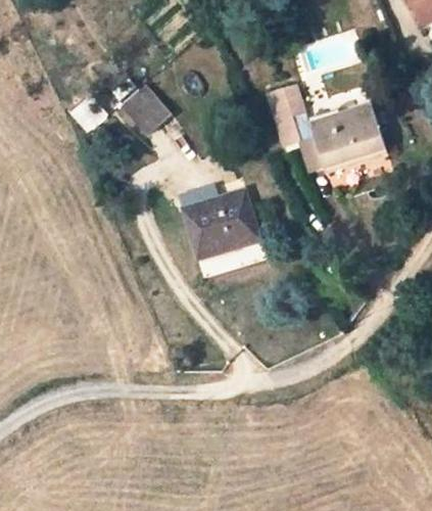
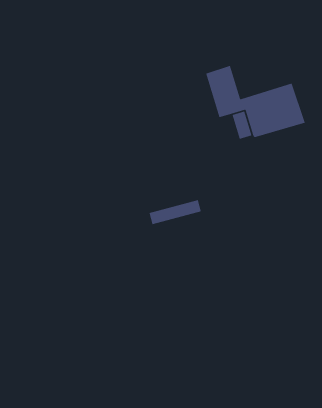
building: [125,86,166,130] -> none
building: [184,191,258,257] -> none

